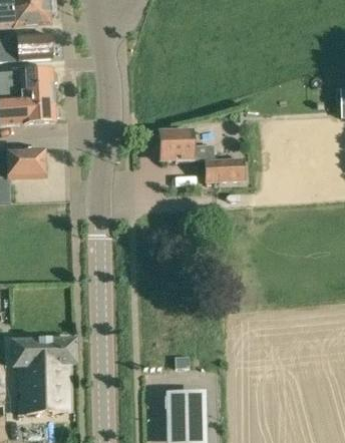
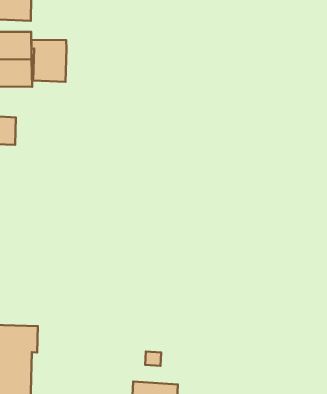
building: none -> [31,40,67,82]
building: [159,131,244,182] -> none

